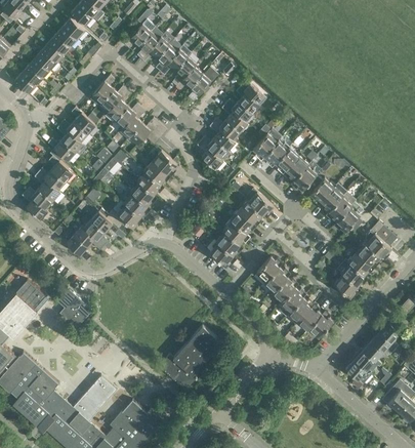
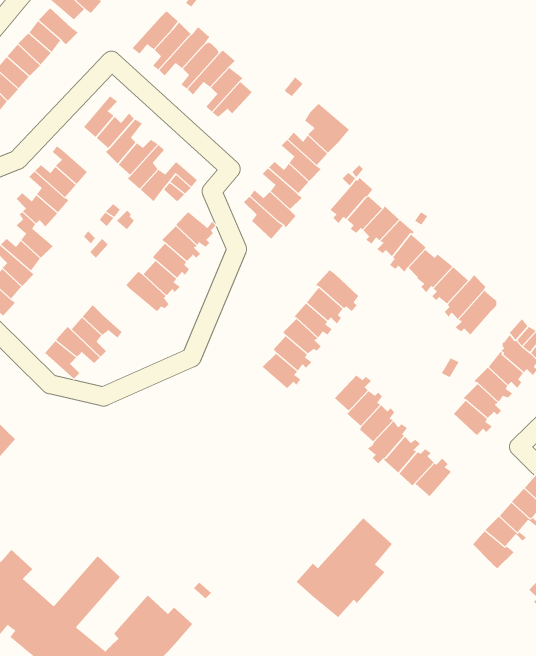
building: [188,66,216,100] -> none
building: [97,201,141,230] -> none
building: [54,288,90,323] -> none
building: [157,326,220,392] -> [296,517,393,618]

